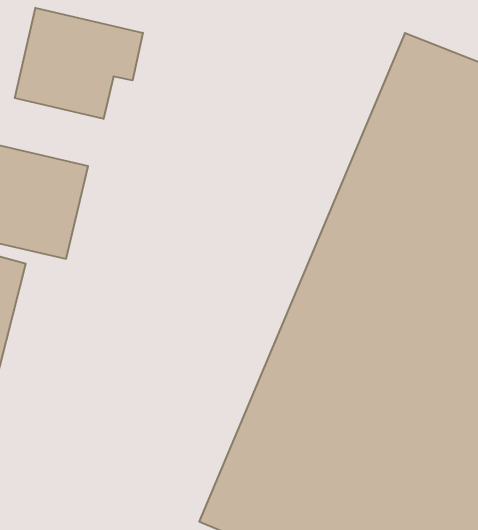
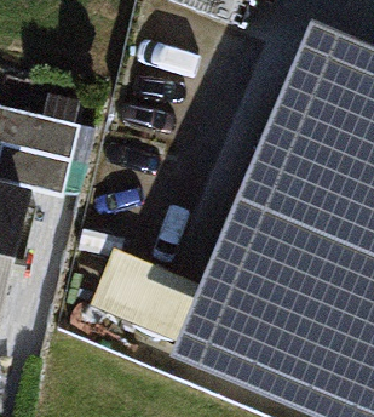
building: [15,8,143,119] -> none

